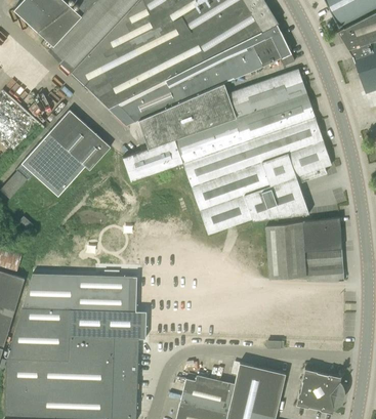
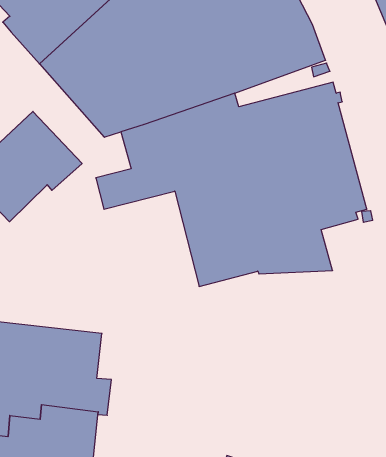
building: [265,216,344,281] -> none

